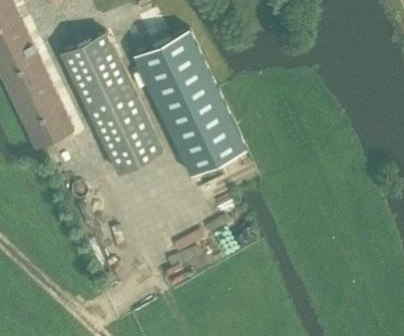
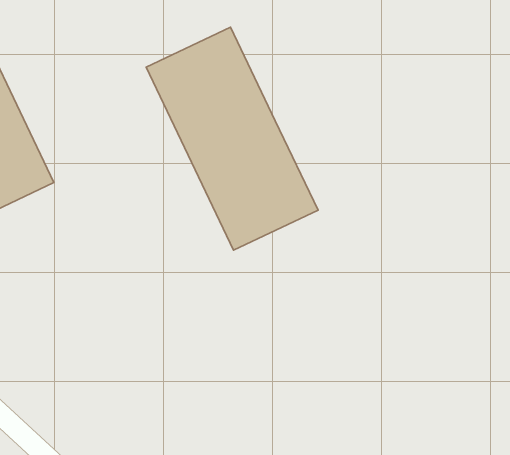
building: [62,34,163,174] -> none

